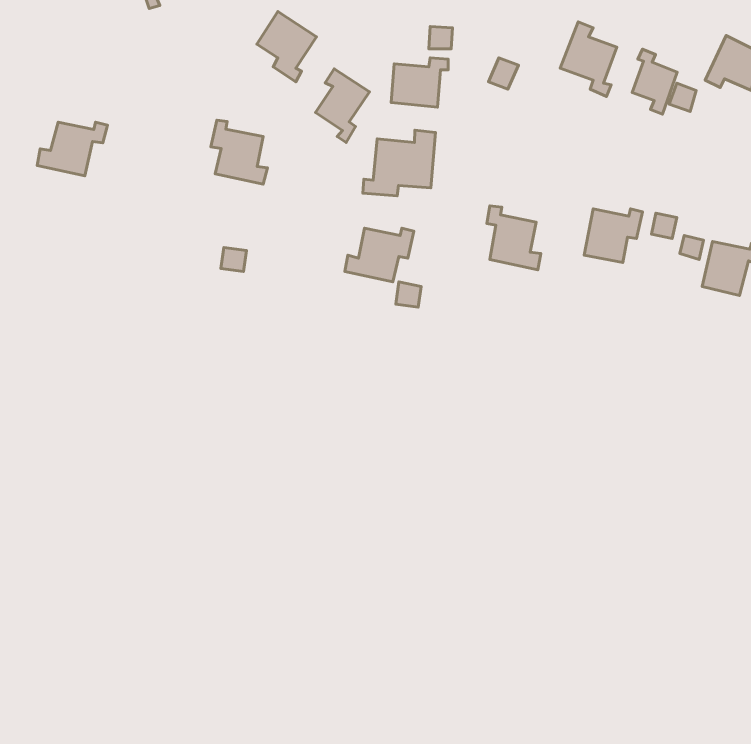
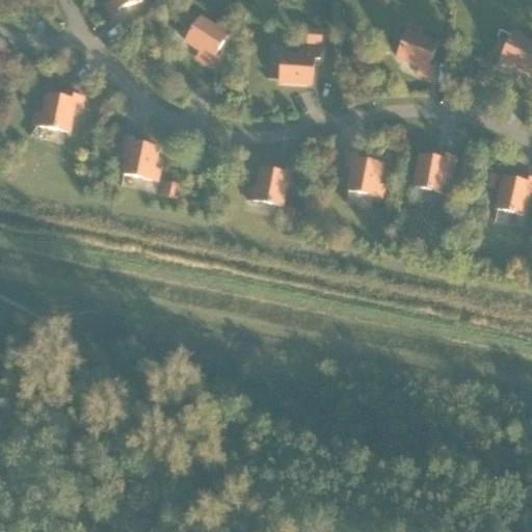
building: [632,49,677,114] -> none
building: [315,69,369,142] -> none
building: [211,120,268,184] -> [121,134,160,179]
building: [363,130,435,196] -> none

